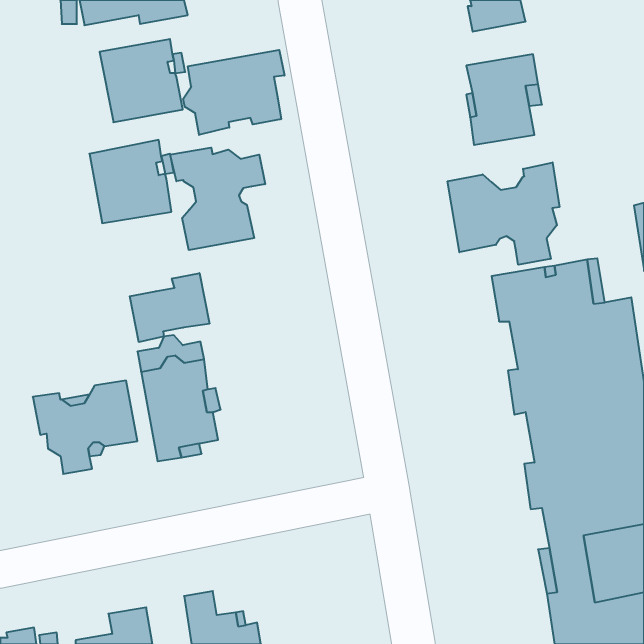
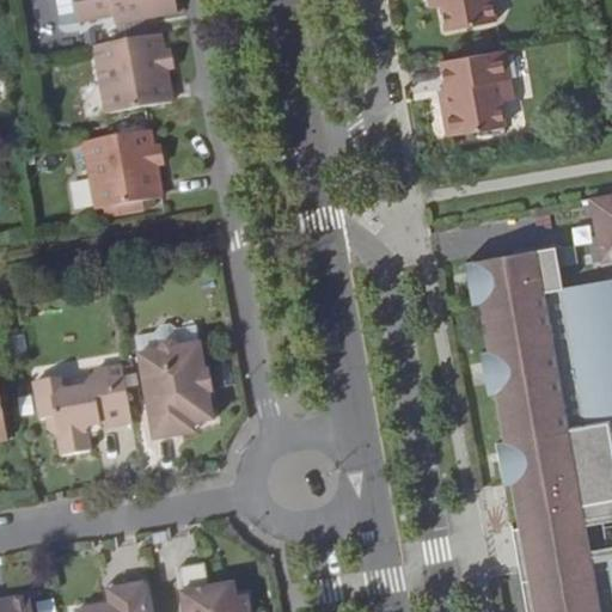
building: [183,50,284,135] -> none
building: [170,148,265,250] -> none
building: [448,162,559,265] -> none
building: [130,273,209,342] -> none

